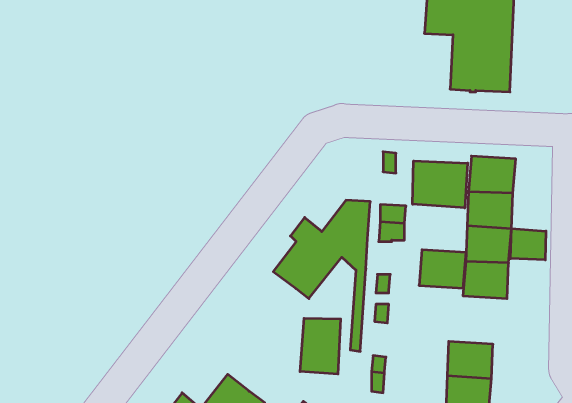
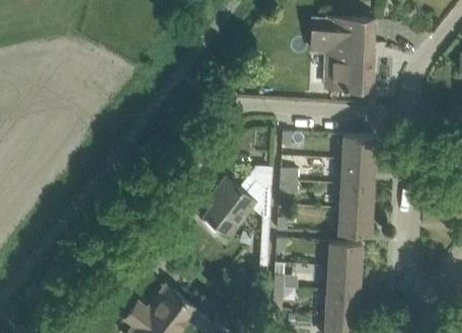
building: [413,161,468,208] -> none
building: [511,229,546,260] -> none
building: [419,250,466,288] -> [328,241,362,268]
building: [300,318,341,374] -> none

